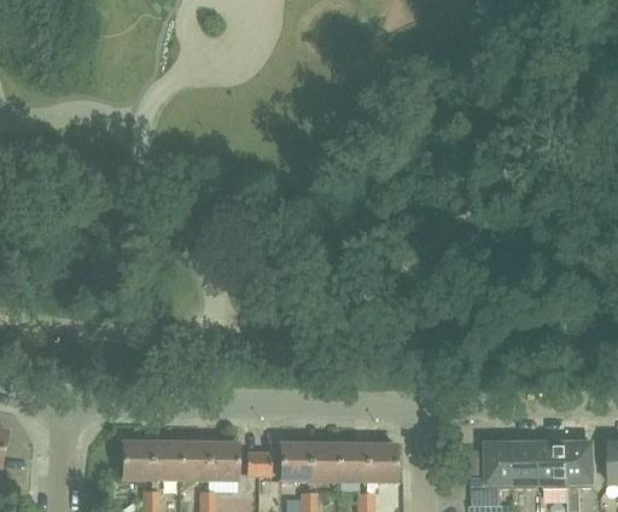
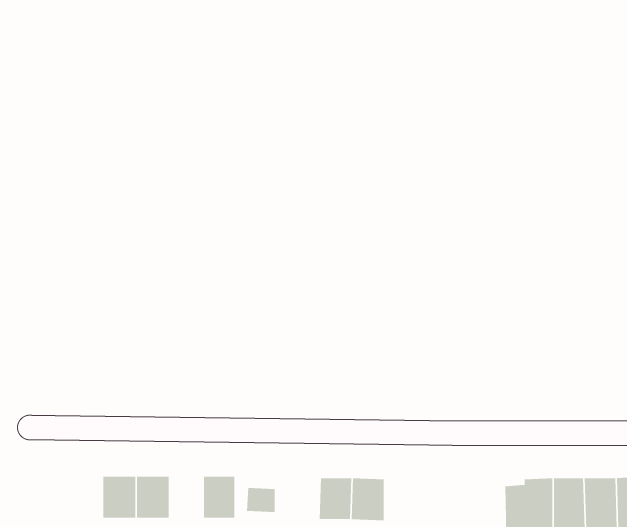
building: [181,441,210,477] -> none
building: [281,442,311,478] -> none
building: [367,443,396,479] -> none

